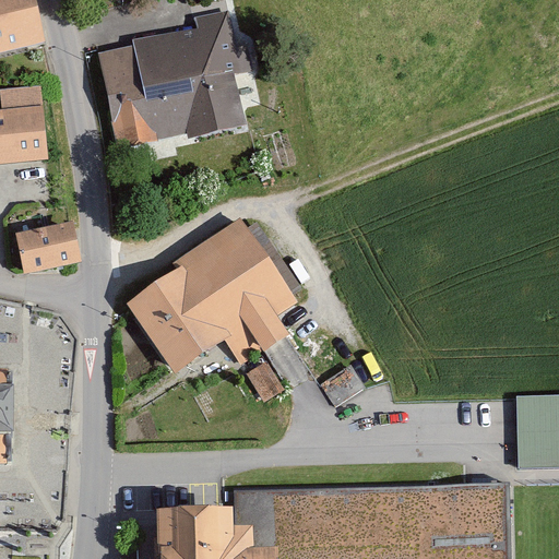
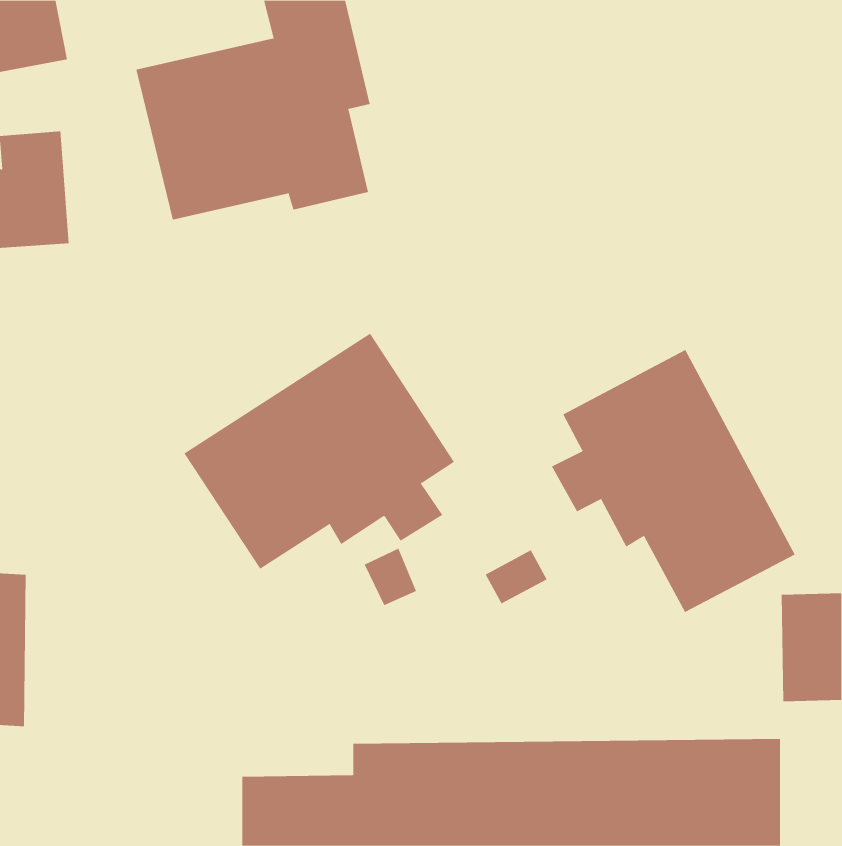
building: [19,223,83,272] -> none
building: none -> [551,349,796,613]

